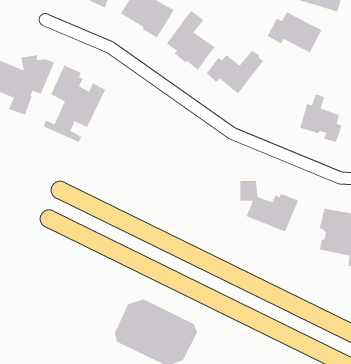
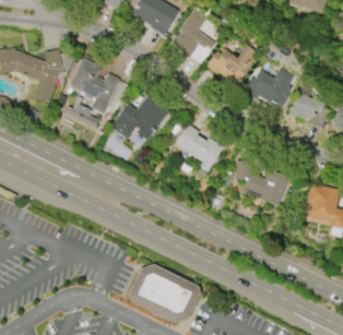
building: [267,11,322,54] -> [243,70,292,107]
building: none -> [110,94,169,147]
building: none -> [174,123,222,171]

